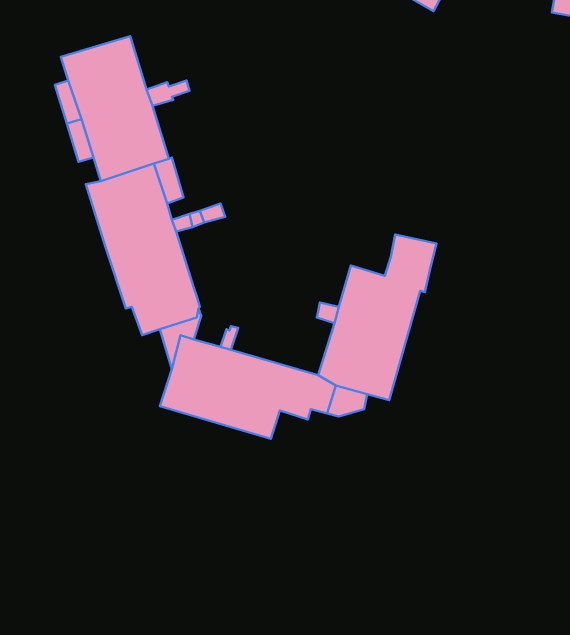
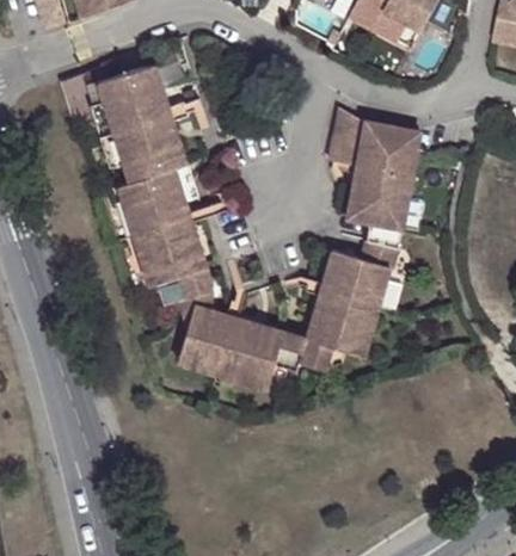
building: none -> [326,107,420,230]

